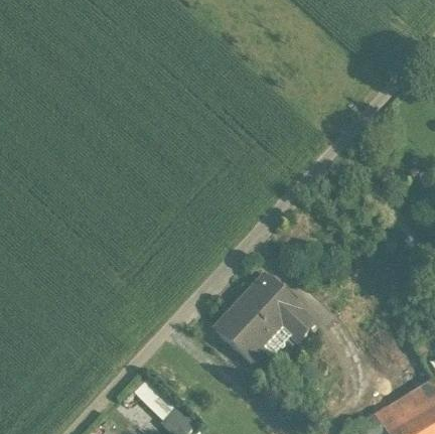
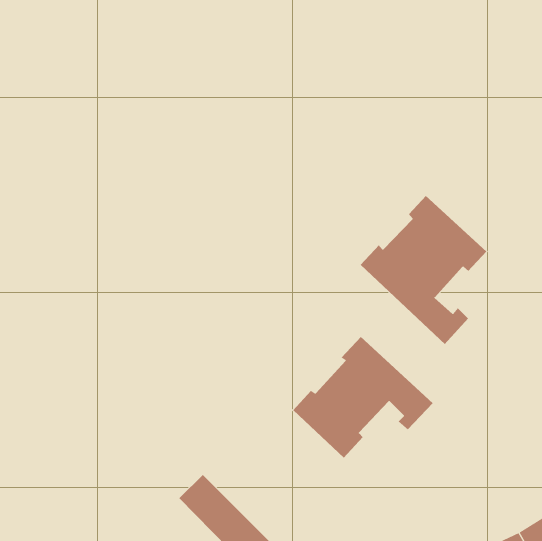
building: none -> [360,195,487,345]

